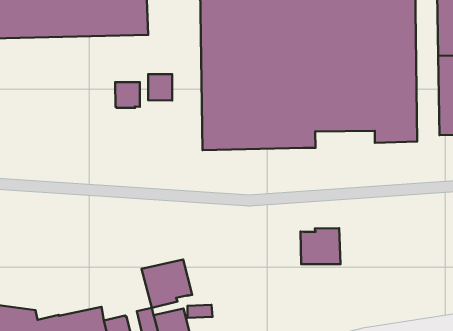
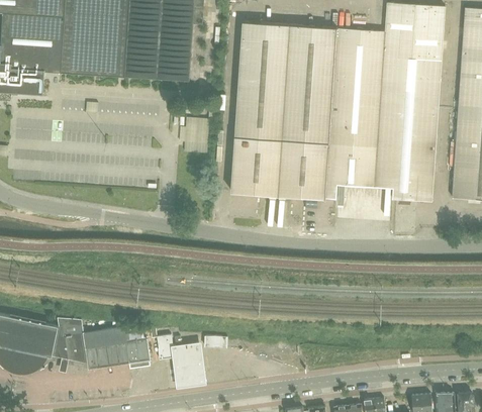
building: [115,82,140,108] -> none
building: [300,228,341,264] -> none
building: [142,259,192,308] -> none

